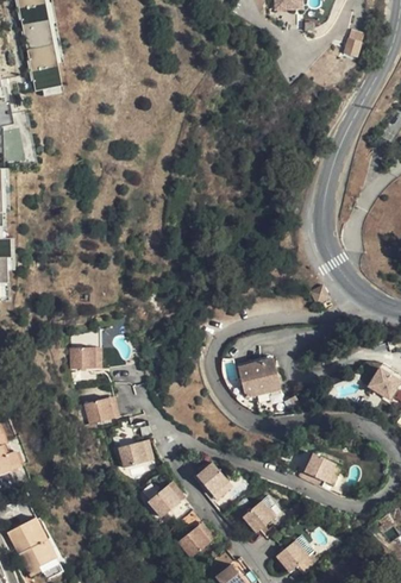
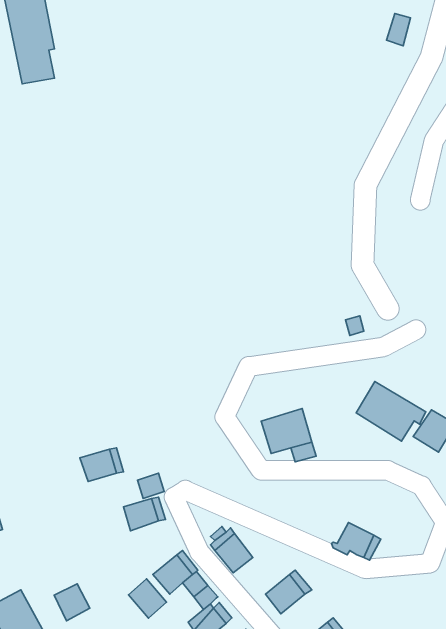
building: none -> [356,382,426,441]
building: [71,347,96,368] -> none
building: none -> [129,579,167,618]
building: none -> [54,584,90,621]

